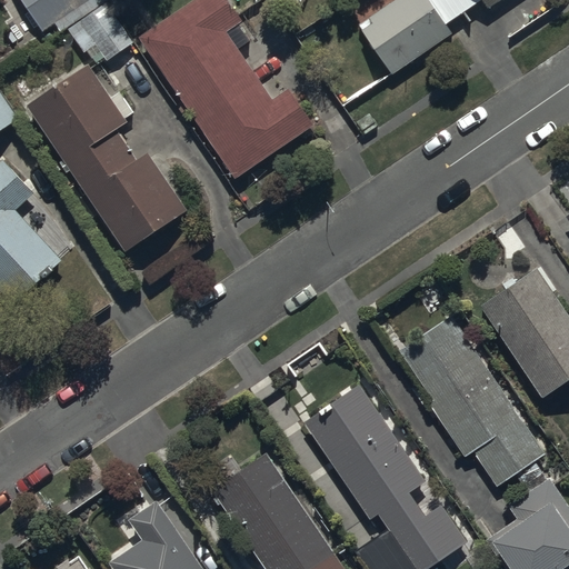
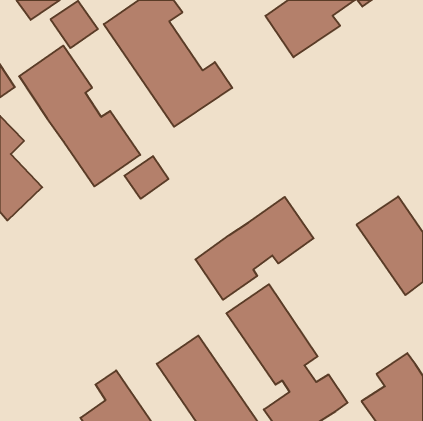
building: none -> [124,156,168,199]
building: none -> [195,197,314,300]
building: [397,313,545,490] -> none

